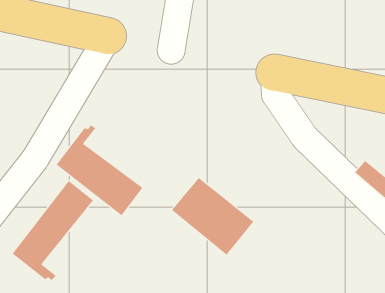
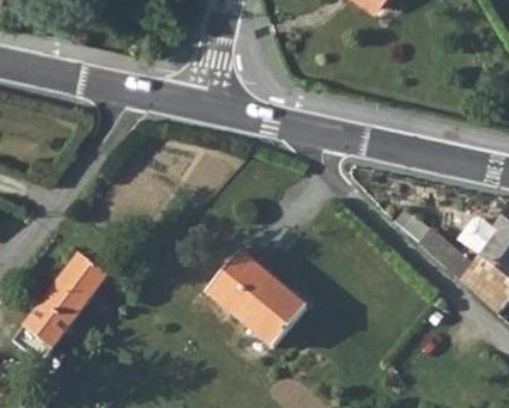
building: [56,125,143,216] -> none

